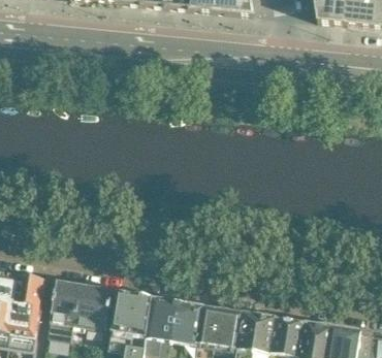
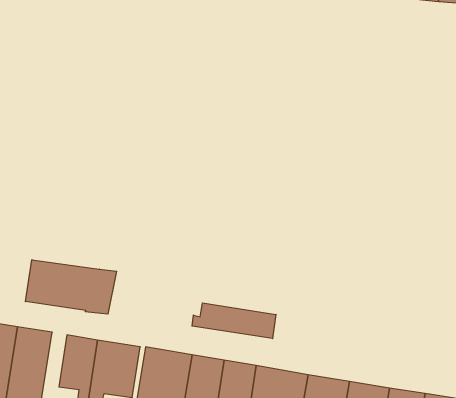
building: none -> [25,260,117,314]
building: none -> [192,303,276,339]

